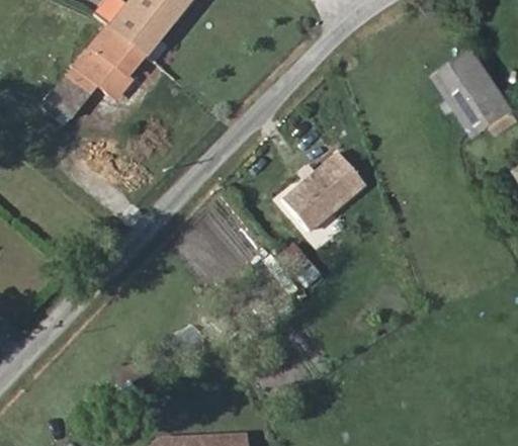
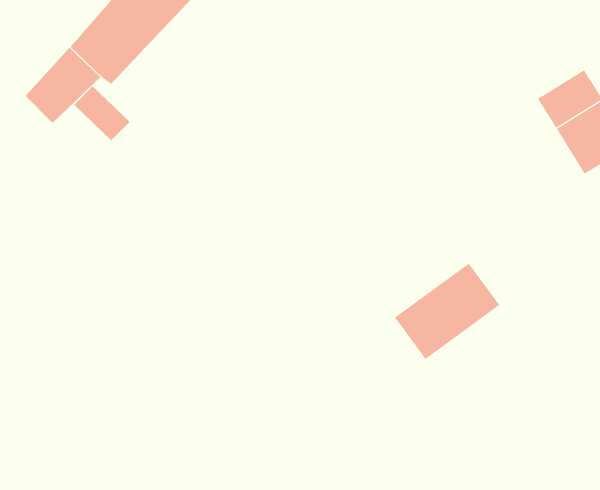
building: none -> [73,85,130,141]
building: [279,151,361,229] -> [394,263,500,360]

